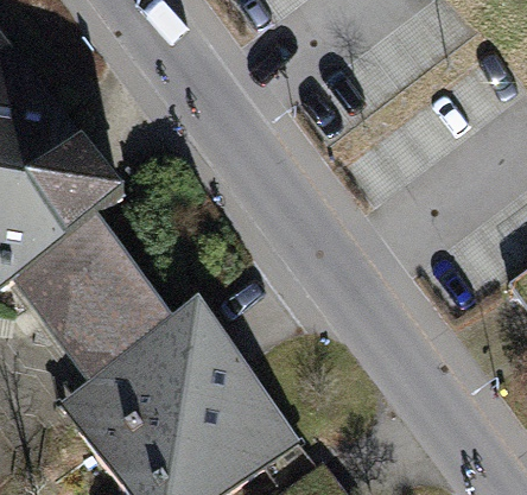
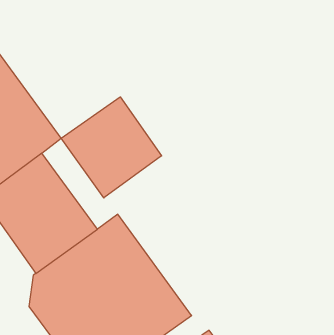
building: none -> [61,97,162,198]

